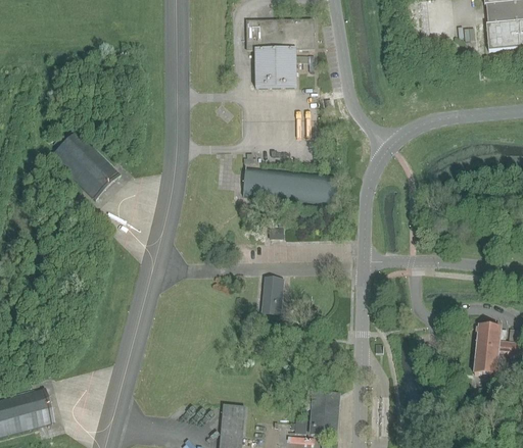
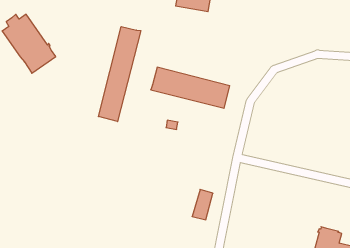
building: none -> [98,27,141,122]
building: [263,278,283,313] -> [192,189,213,220]

